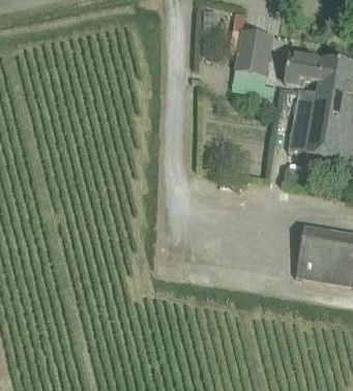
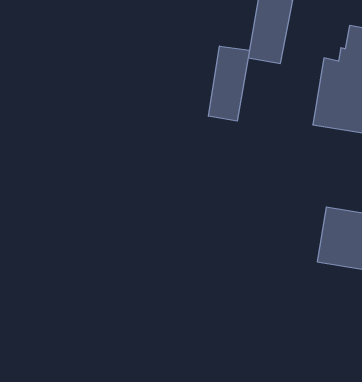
building: [285,52,325,84] -> none
building: none -> [209,46,249,121]

